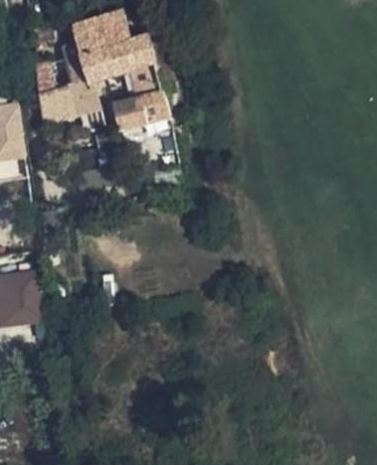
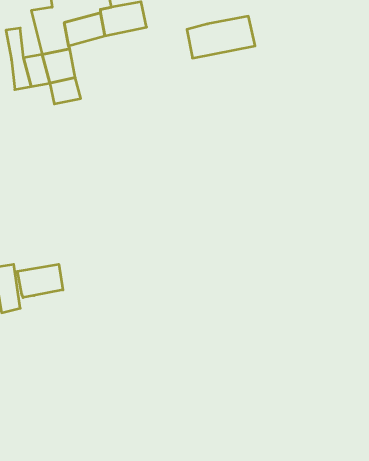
building: [123,62,165,93] -> none
building: [110,91,172,129] -> [187,16,255,58]
building: none -> [17,264,63,298]

